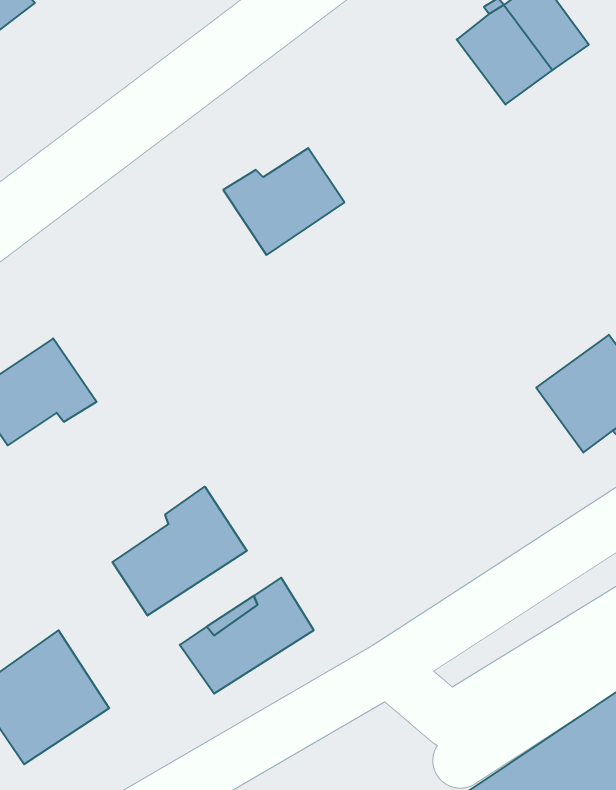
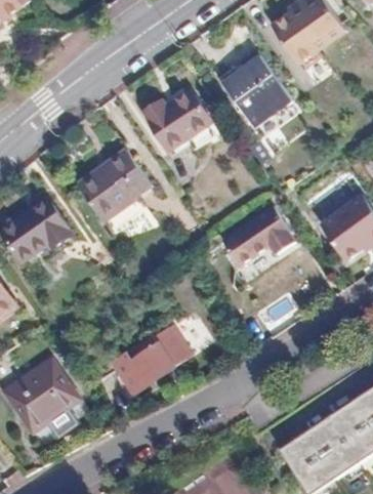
building: none -> [217,49,292,128]
building: none -> [80,151,151,219]
building: none -> [223,206,293,266]
building: [112,487,247,616] -> none

